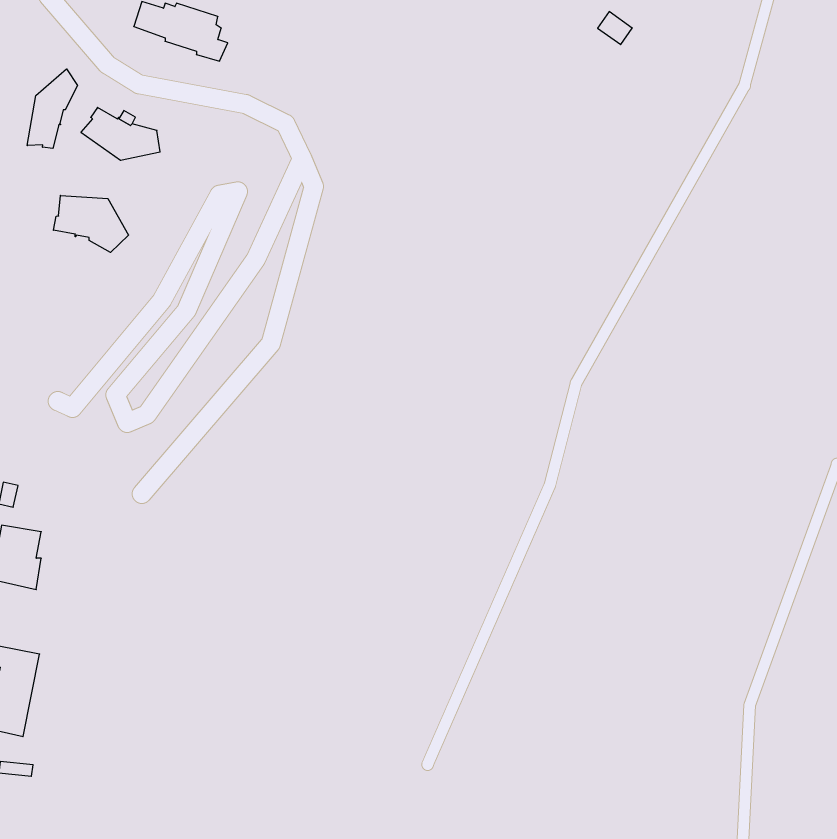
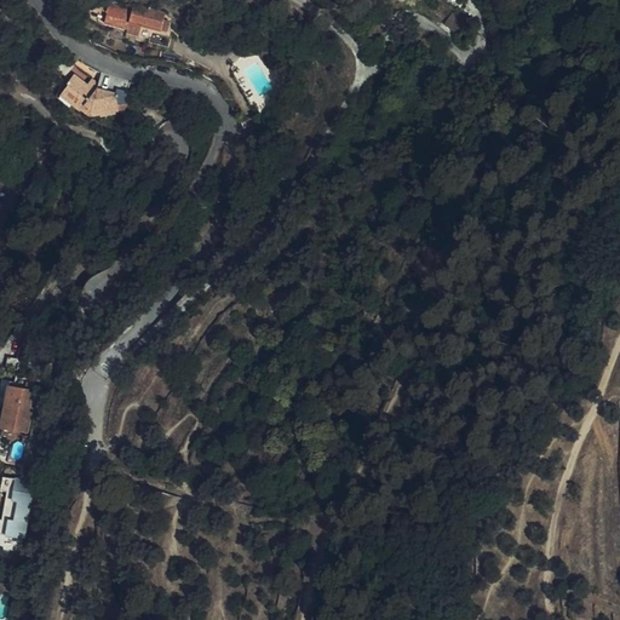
building: [27,69,77,148] -> none
building: [53,195,129,252] -> none

